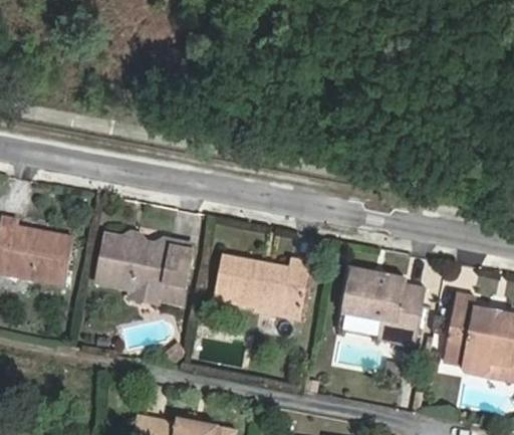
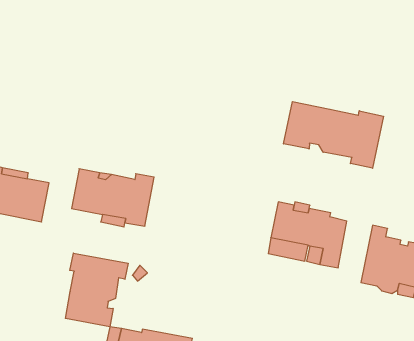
building: none -> [284,102,383,168]
building: [214,258,312,321] -> none
building: none -> [65,253,128,327]

